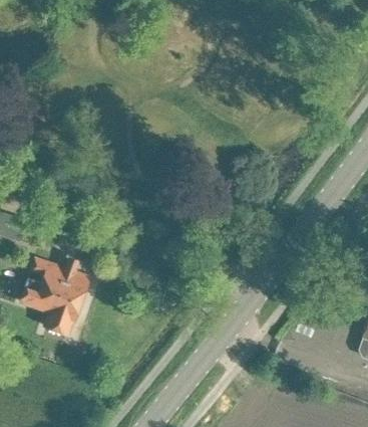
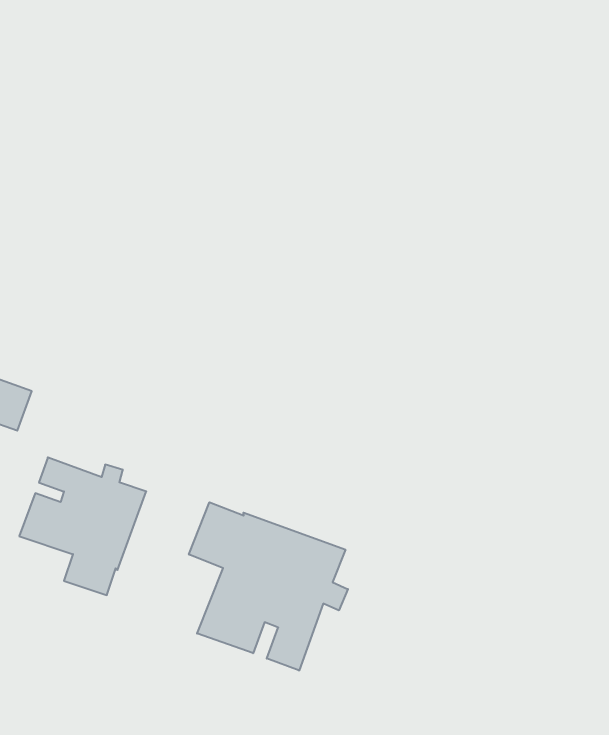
building: none -> [189,502,348,671]

